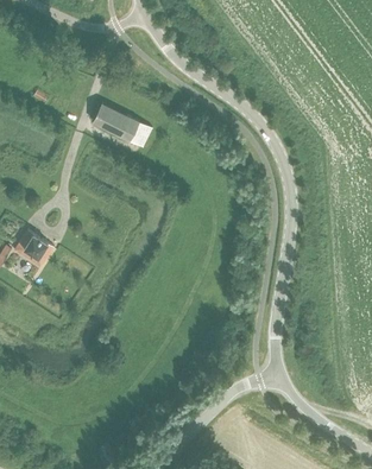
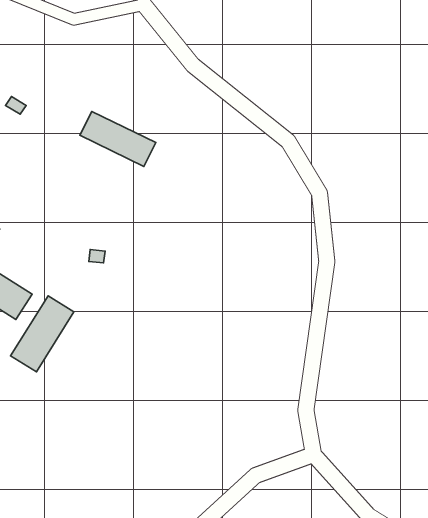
building: none -> [11,296,74,372]

